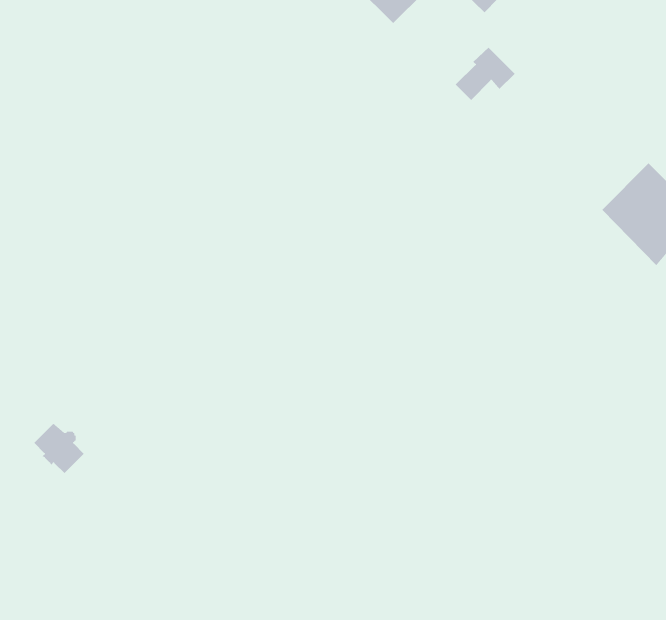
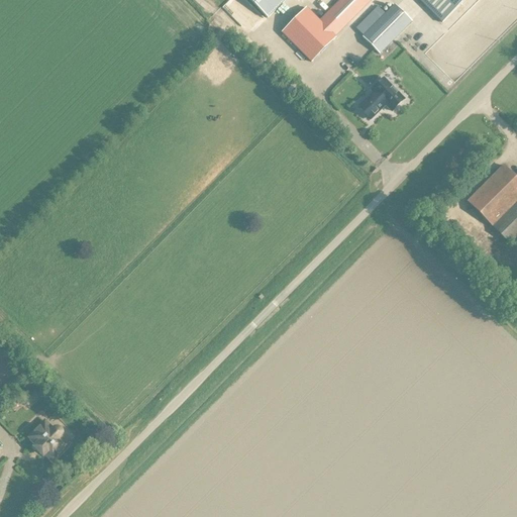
building: [33,423,85,474] -> [29,419,68,457]

